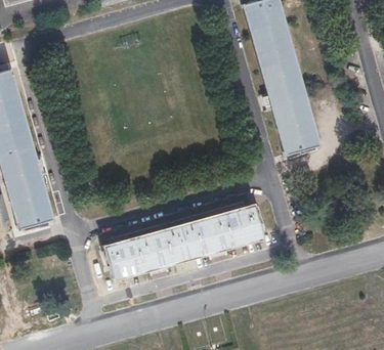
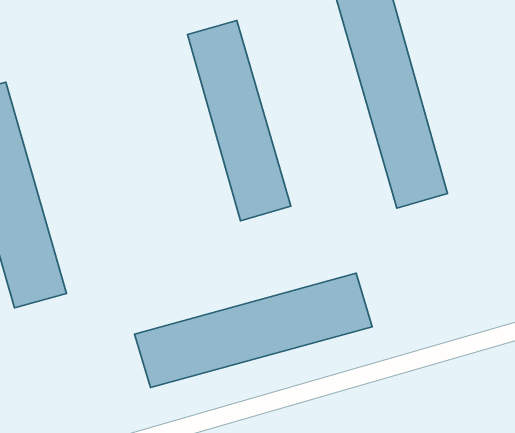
building: none -> [188,20,291,221]

